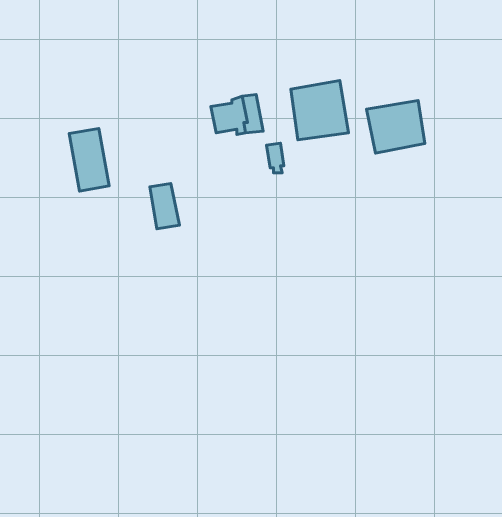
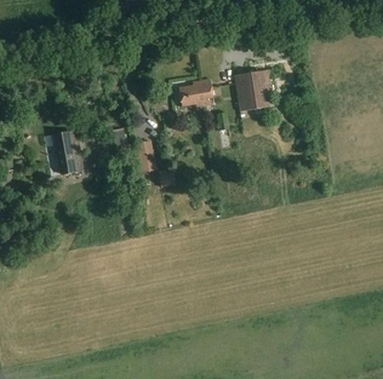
building: [367,100,425,153] -> none
building: [69,128,109,191] -> [55,131,82,174]

